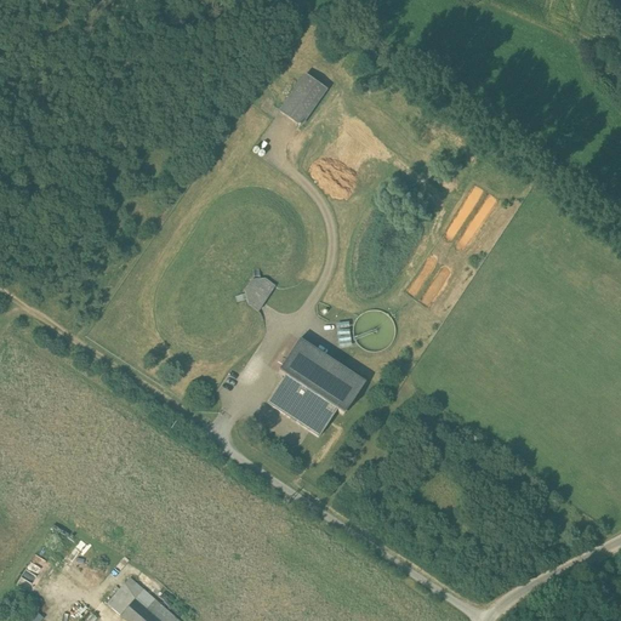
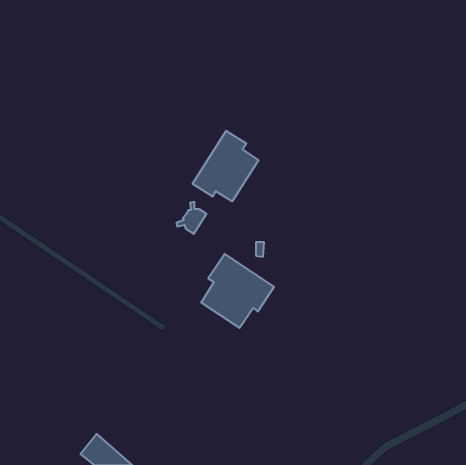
building: [280,73,326,125] -> none
building: none -> [193,131,259,201]

